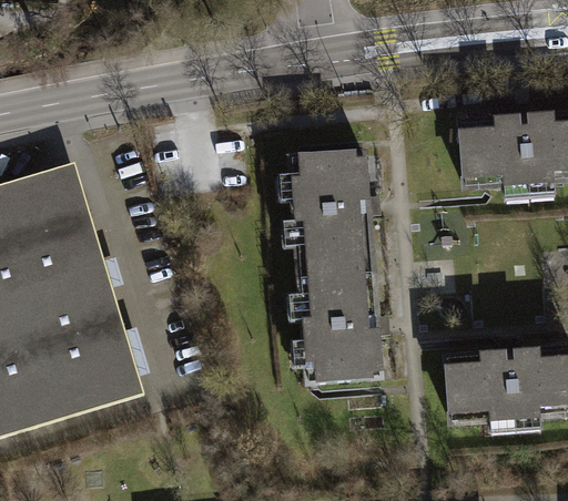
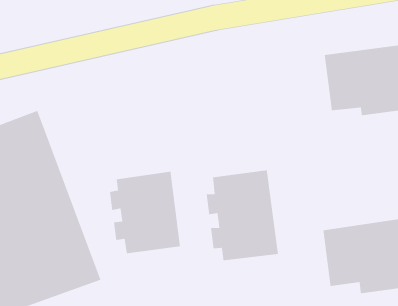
building: [281,147,374,266] -> none
building: none -> [109,171,181,254]

